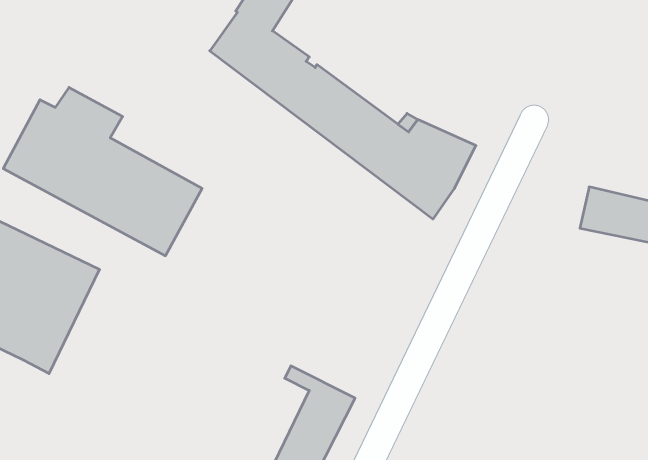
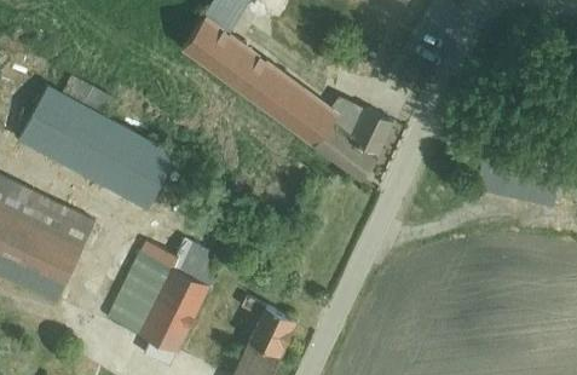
building: none -> [106,241,221,353]

